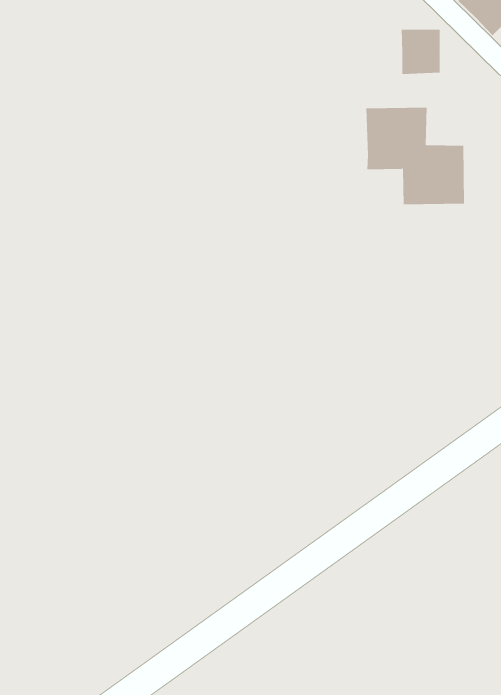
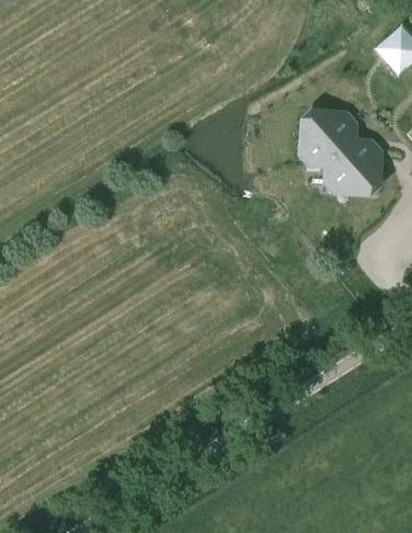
building: [401,29,440,75] -> none

